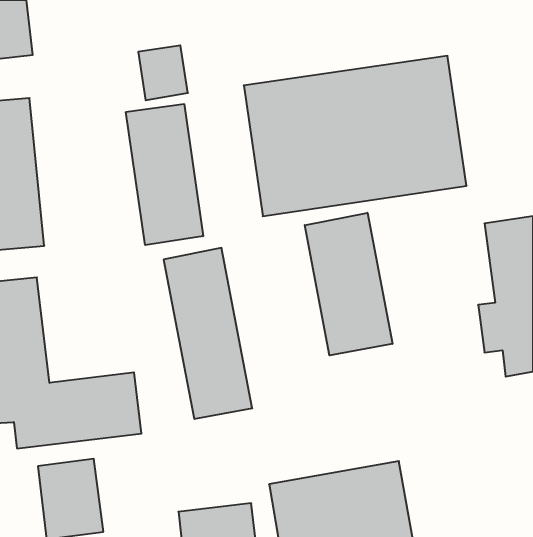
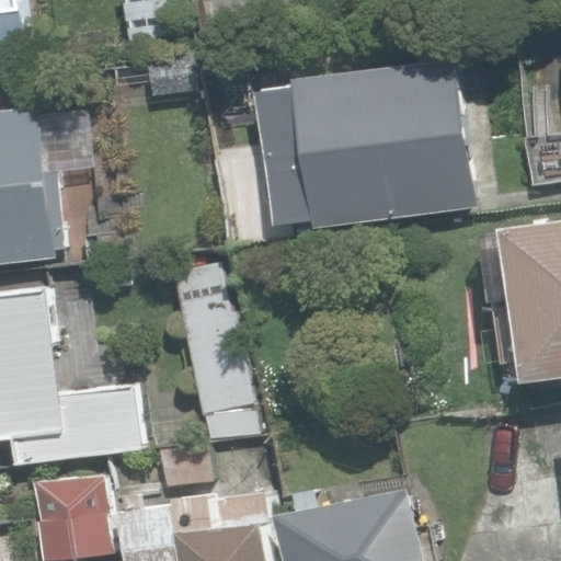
building: [126,104,203,245] -> none
building: [305,213,392,355] -> none

